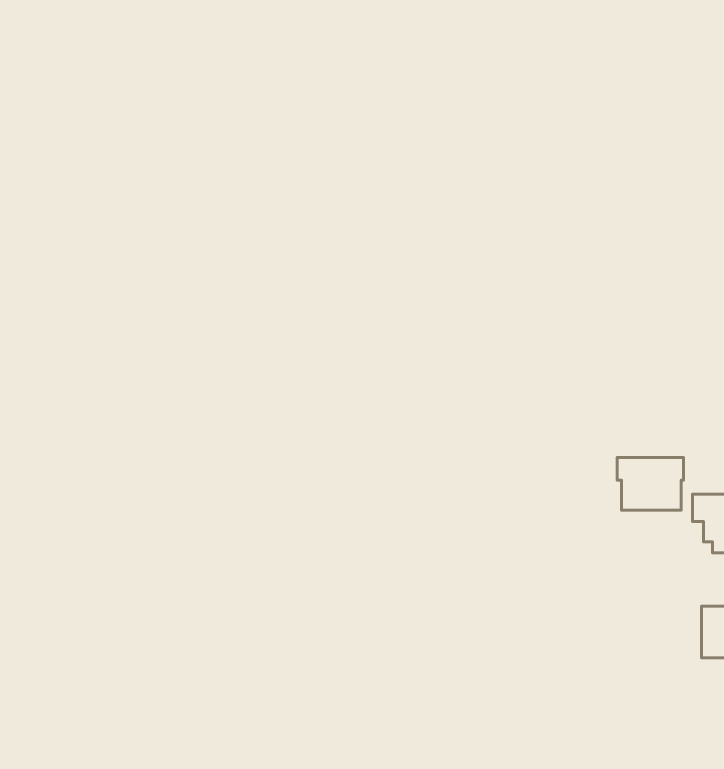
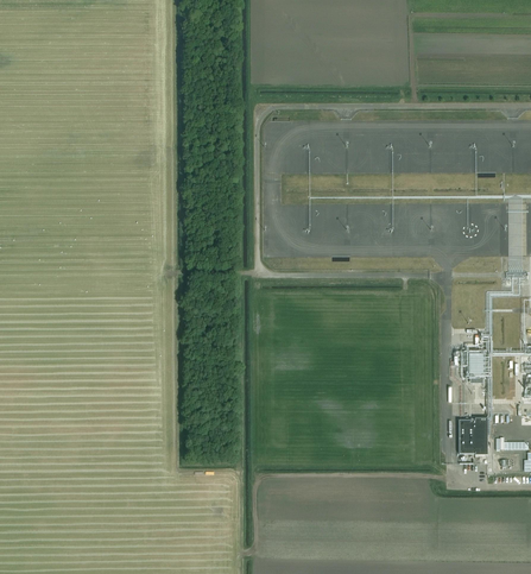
building: [617,457,683,510] -> none

